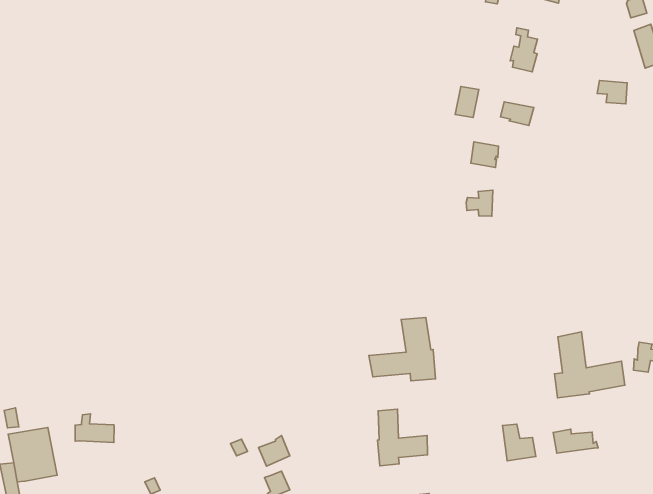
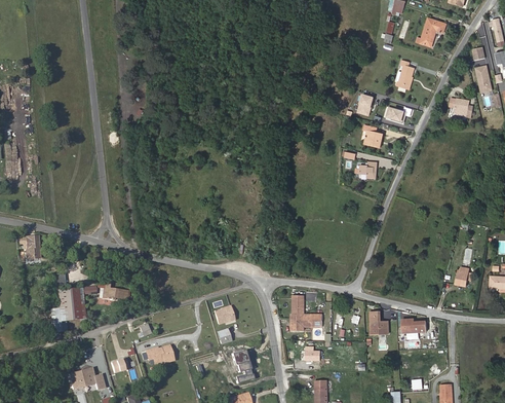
building: [369,317,436,381] -> none
building: [554,332,625,398] -> none

